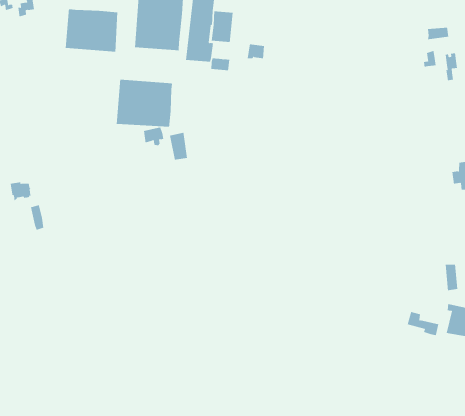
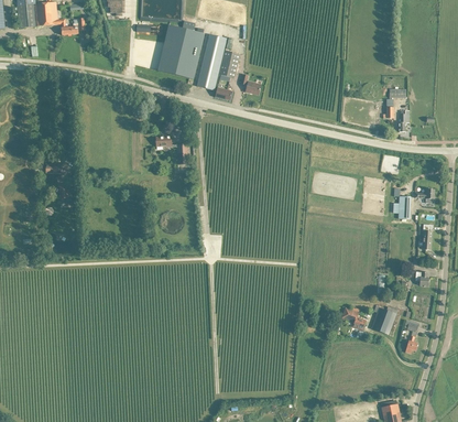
building: [65,8,118,53] -> none
building: [116,79,173,127] -> none

